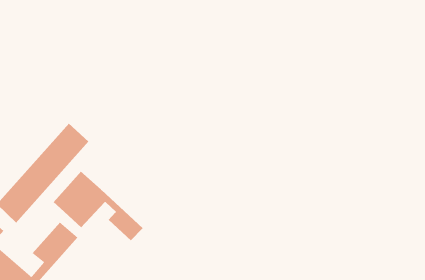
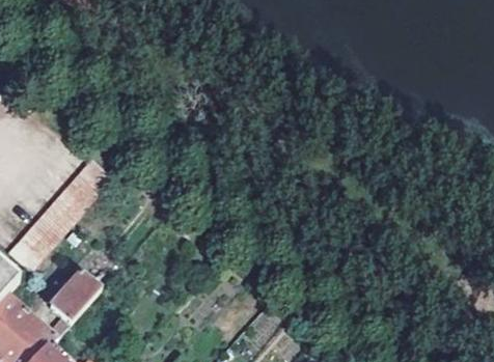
building: [53,171,144,241] -> none

